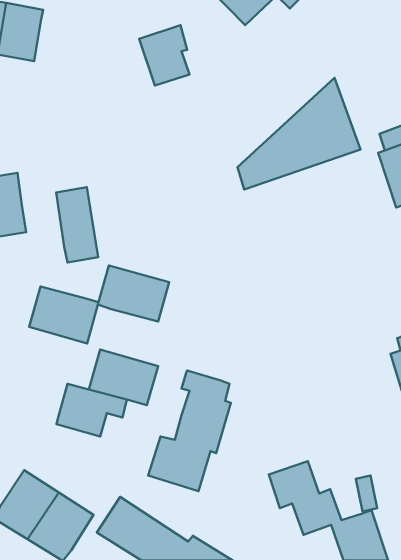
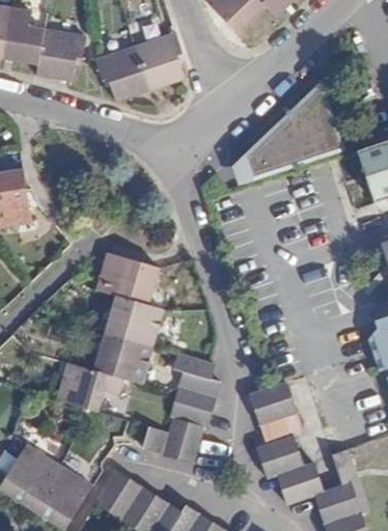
building: none -> [35,27,77,80]
building: none -> [100,44,149,99]
building: [56,187,98,262] -> none
building: [29,286,99,343] -> [99,295,163,347]
building: none -> [248,383,295,424]

